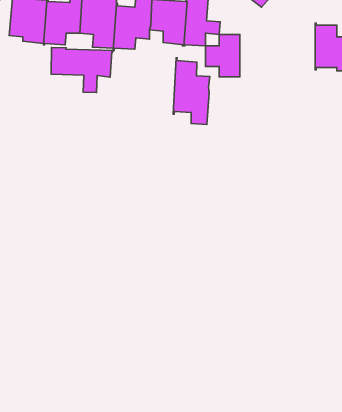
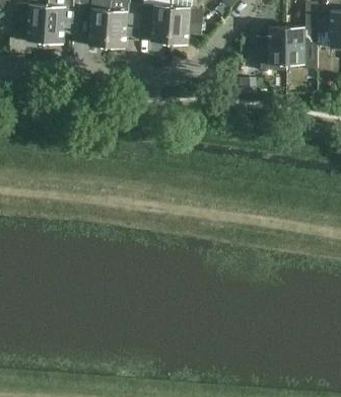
building: [205,34,240,77] -> [255,25,285,63]
building: [51,47,113,92] -> none
building: [173,58,210,124] -> none

